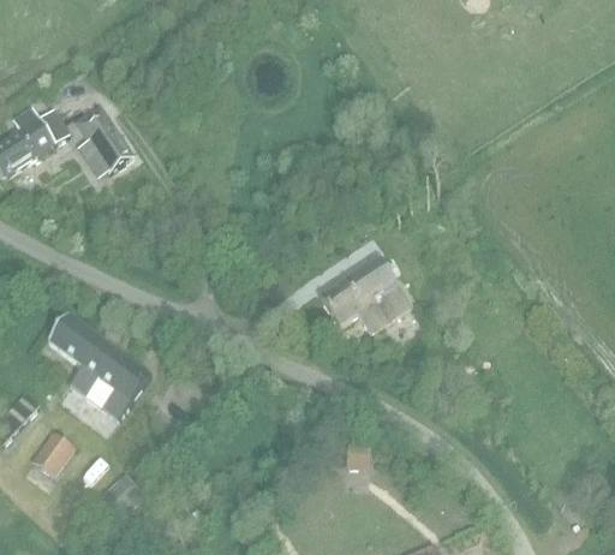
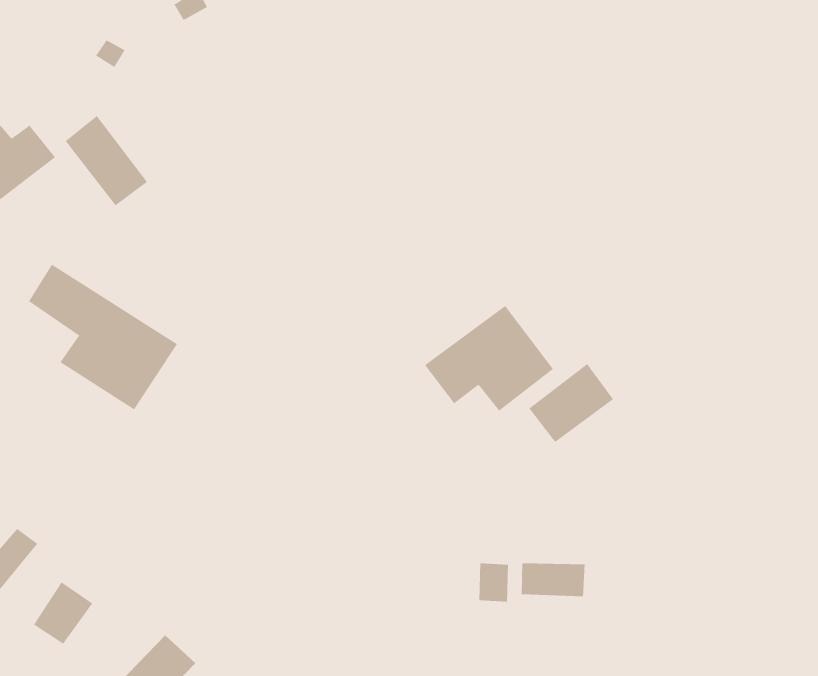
building: none -> [529,363,614,443]
building: [48,314,151,420] -> [28,264,178,410]
building: none -> [521,562,585,597]

